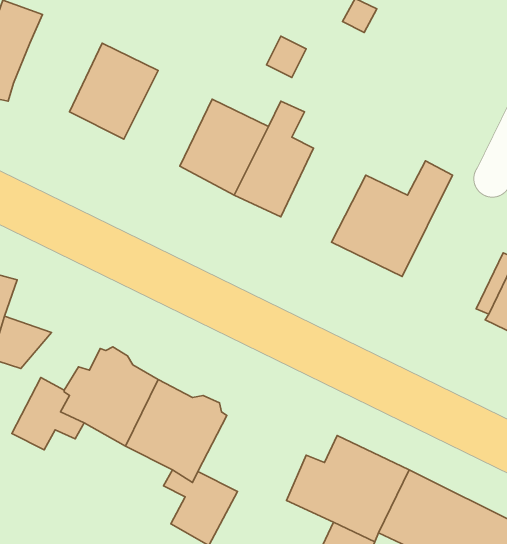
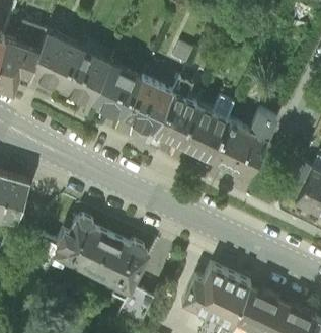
building: none -> [29,30,79,85]
building: none -> [91,62,141,115]
building: none -> [177,99,234,158]

